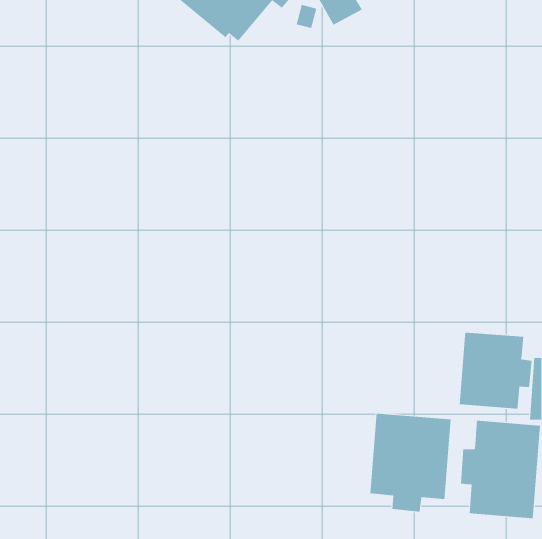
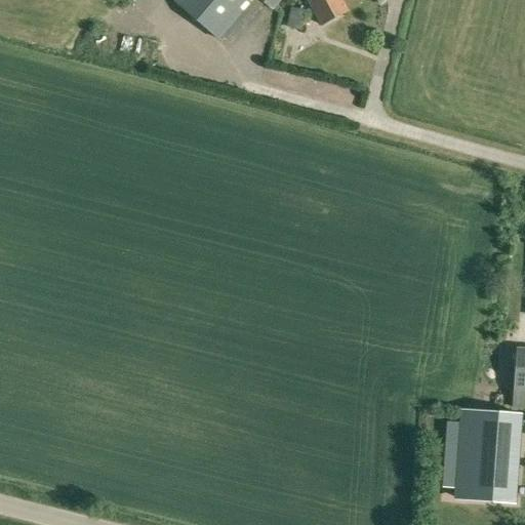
building: [459,332,532,410] -> none
building: [370,413,451,512] -> none

